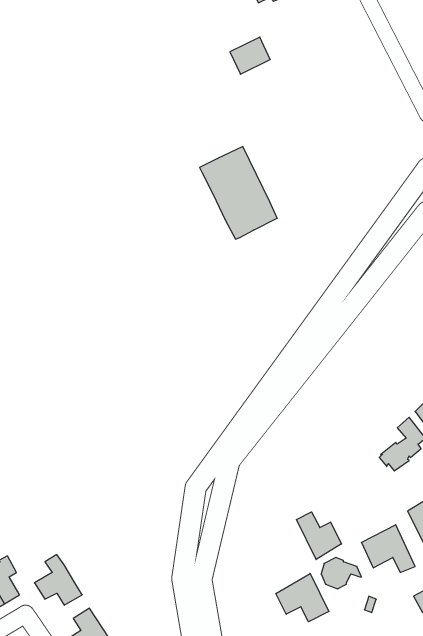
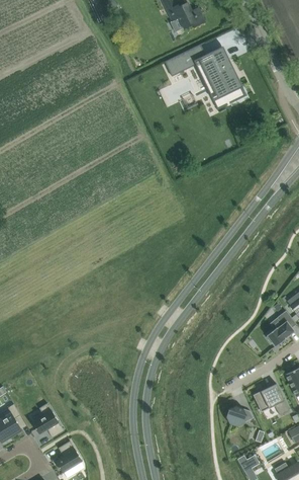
building: [200,147,277,239] -> [193,47,245,109]
building: [296,512,342,560] -> none
building: [276,573,329,622] -> none

